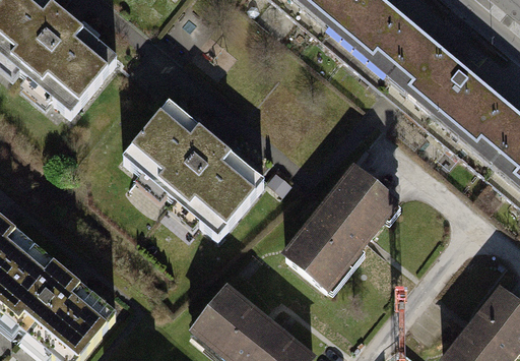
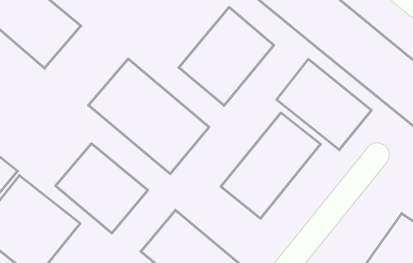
building: none -> [179,7,274,106]
building: none -> [277,59,371,150]
building: none -> [56,144,148,233]

